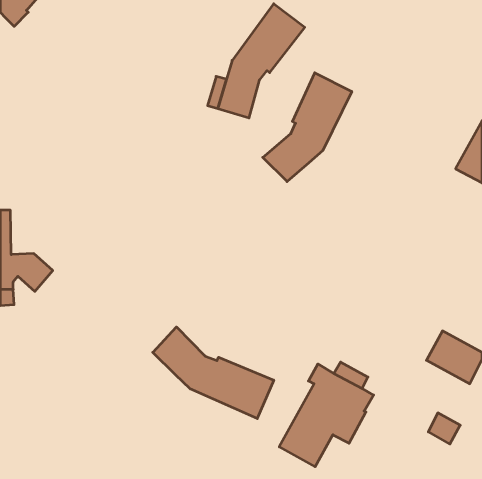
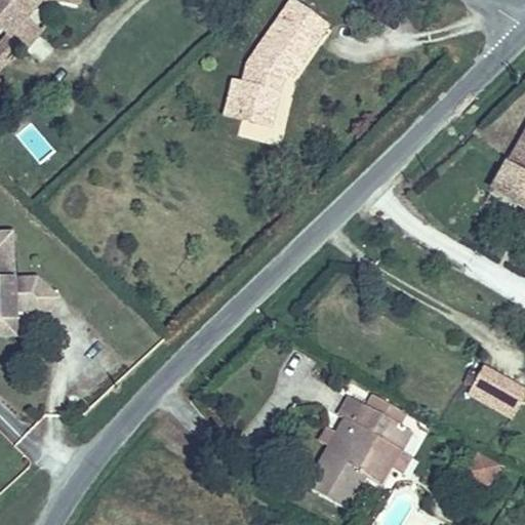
building: [263,73,352,182] -> none
building: [153,327,274,419] -> none

